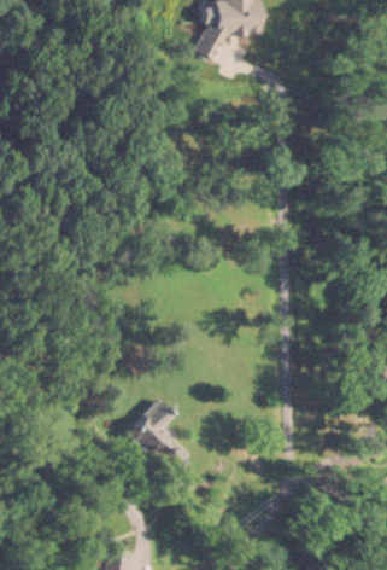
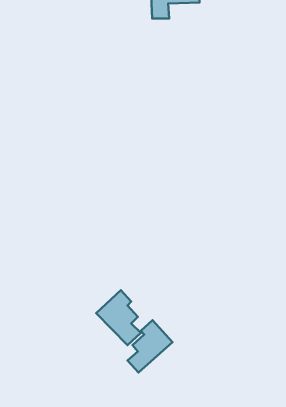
building: none -> [128,320,173,372]

